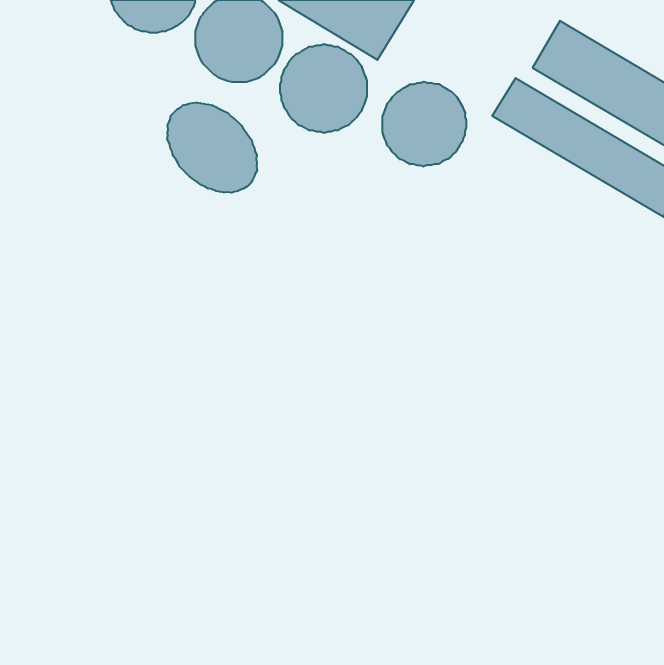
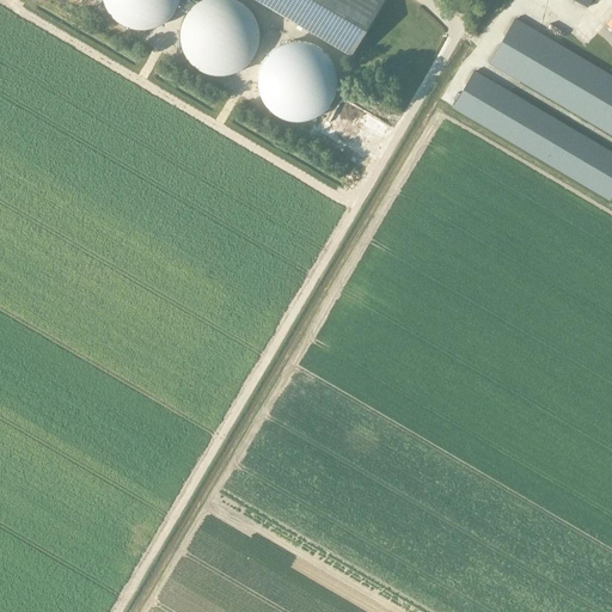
building: [382,82,466,167] -> none
building: [167,102,257,193] -> none

